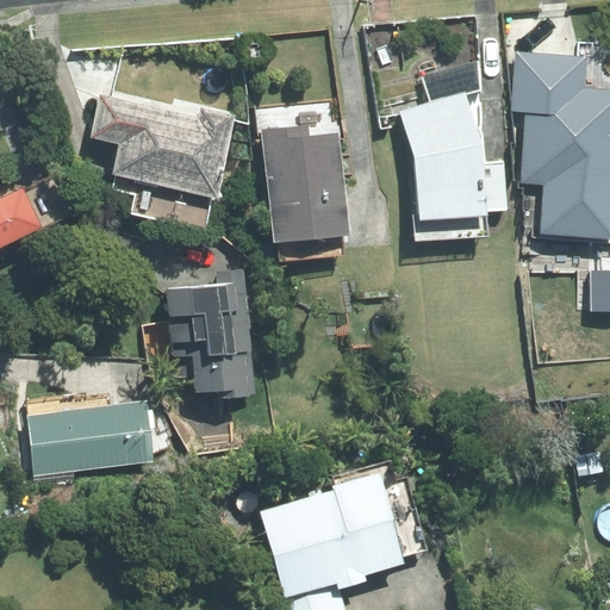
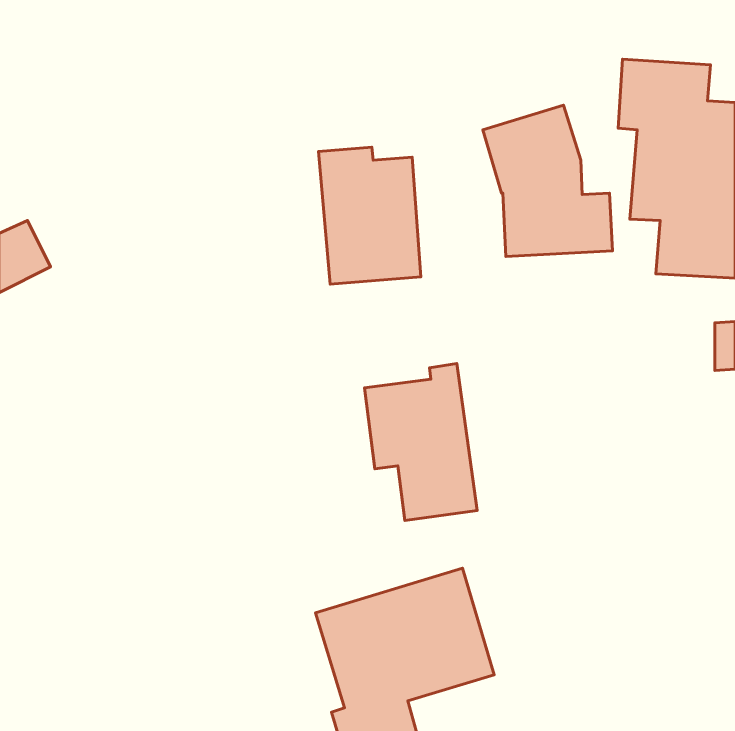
building: [91,95,235,198] -> none
building: [164,270,257,400] -> [365,363,477,521]
building: [26,399,155,479] -> none

